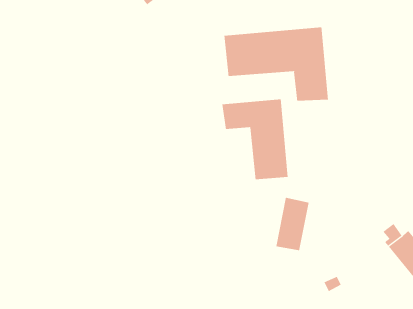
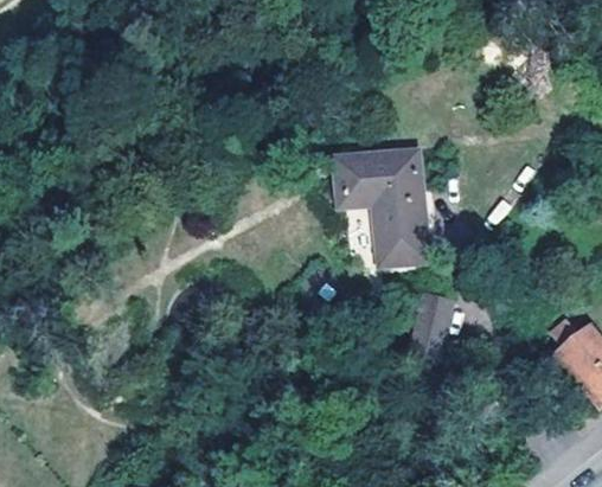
building: [224,27,329,102] -> none

